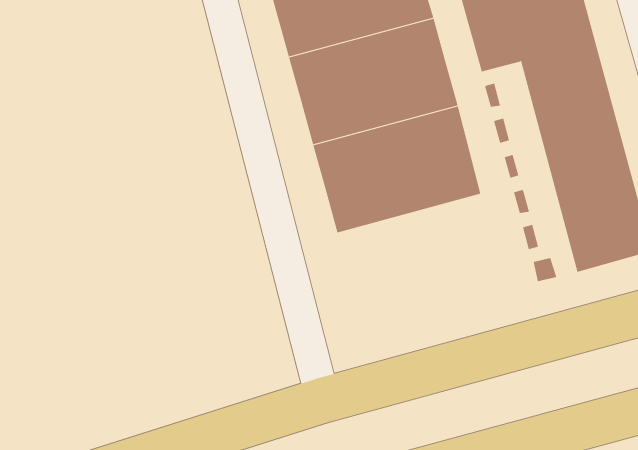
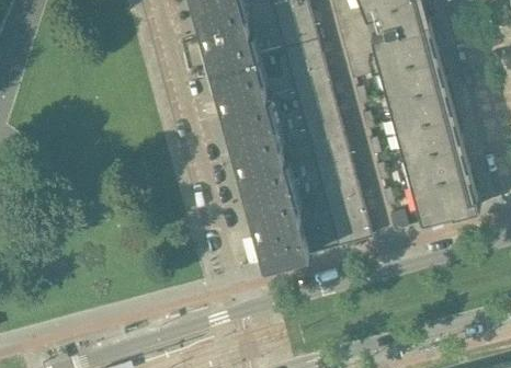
building: none -> [247,171,371,264]

